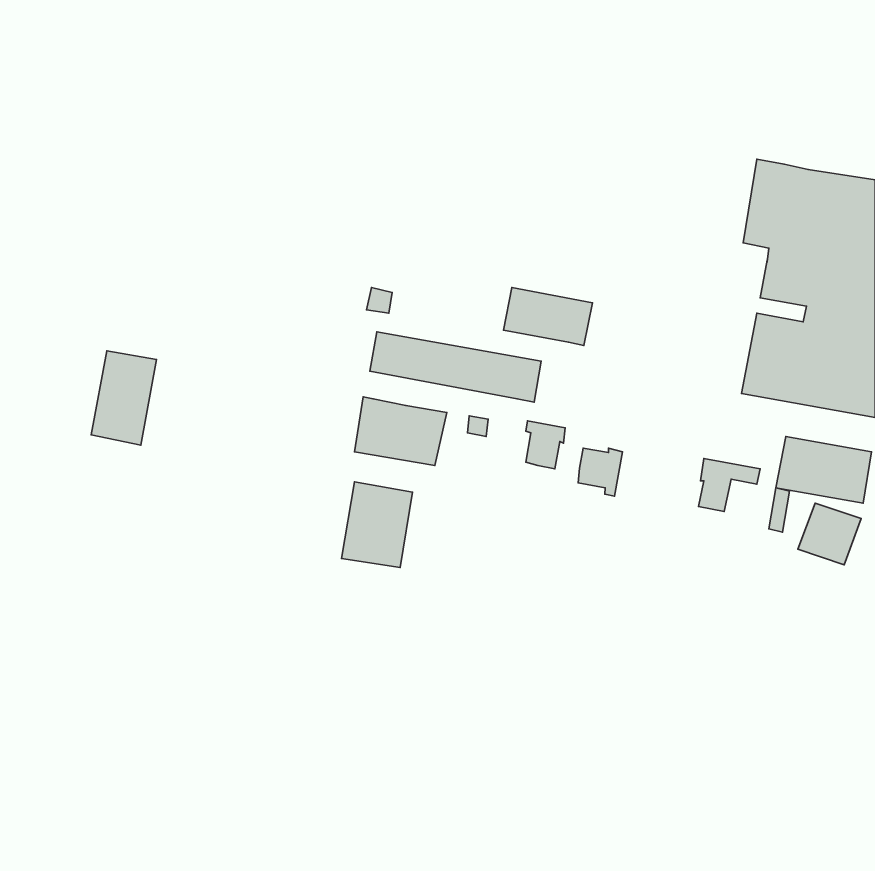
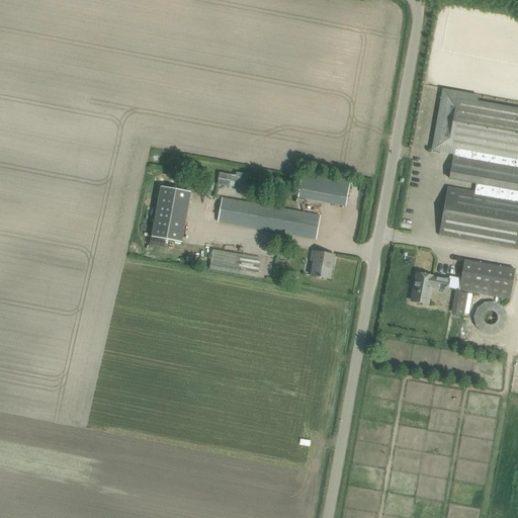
building: [91,351,156,445] -> [152,185,190,241]
building: [578,448,622,496] -> none
building: [341,482,412,567] -> none

